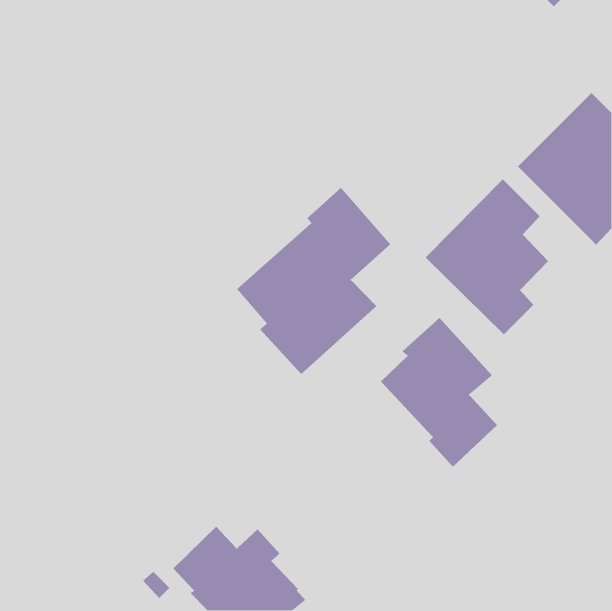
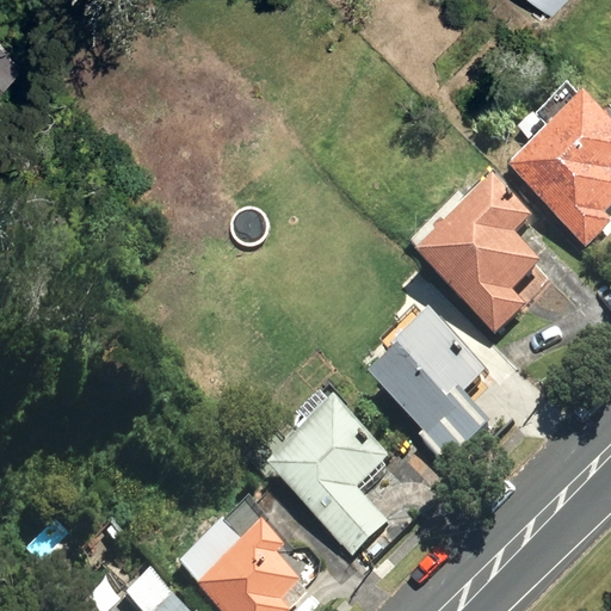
building: [236,187,391,375] -> none
building: none -> [271,402,393,548]

